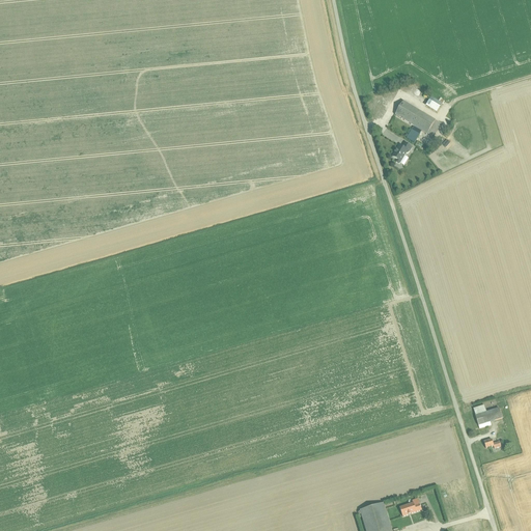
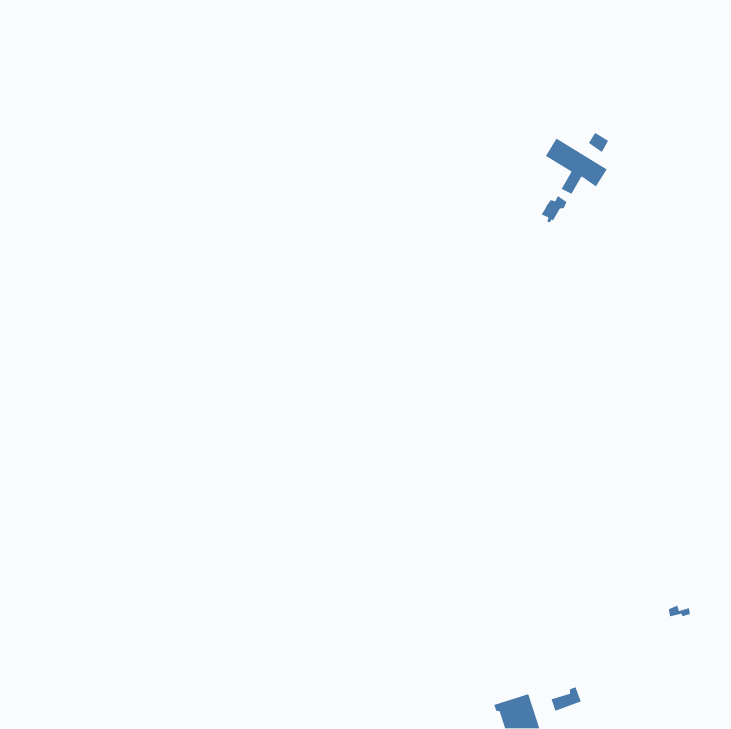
building: [472,403,501,427] -> none

